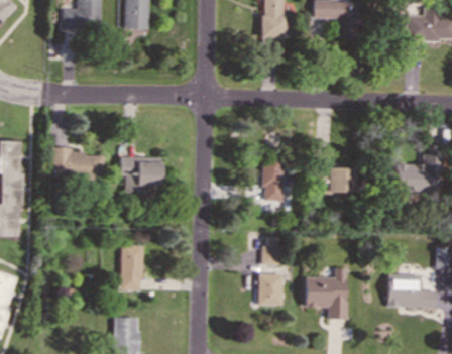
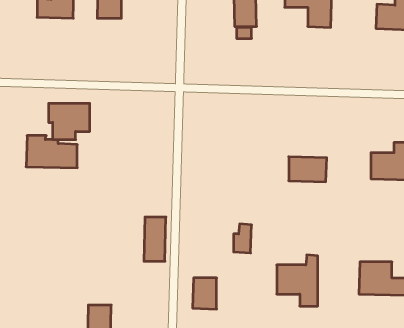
building: [121,157,162,194] -> [49,103,90,140]
building: [263,157,285,201] -> none
building: [121,245,143,289] -> [144,217,166,261]
building: [259,273,284,305] -> [193,278,217,309]

